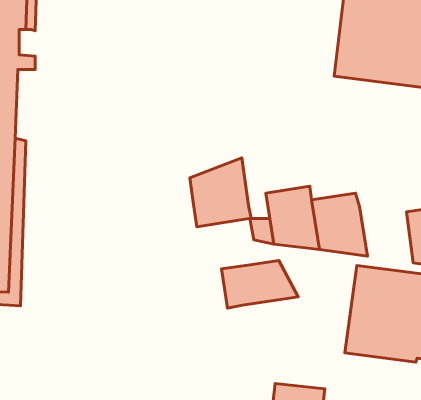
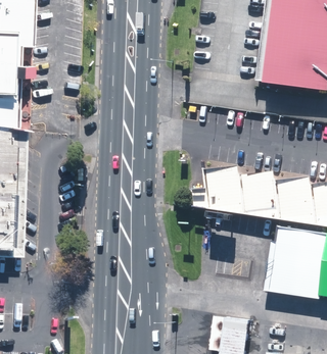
building: [190,158,251,227] -> none
building: none -> [276,175,317,222]
building: [222,260,298,308] -> none

